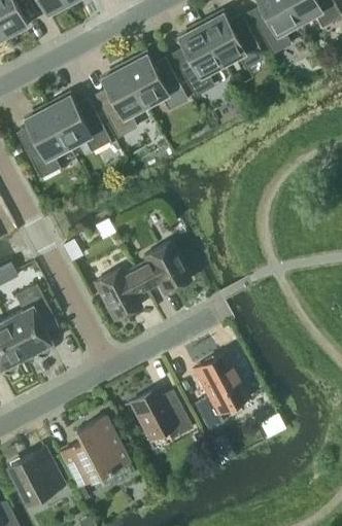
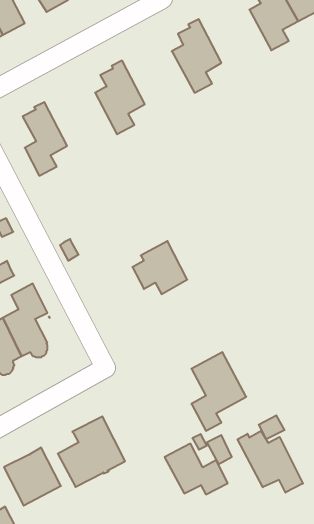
building: [201,12,265,67] -> none
building: [125,54,187,109] -> none
building: [47,95,110,150] -> none
building: [94,268,146,320] -> none
building: [130,389,193,440] -> [165,444,228,494]
building: none -> [238,431,303,493]

